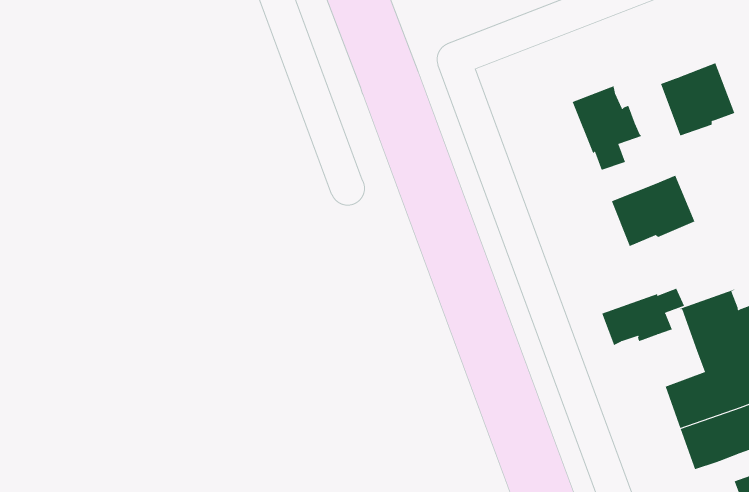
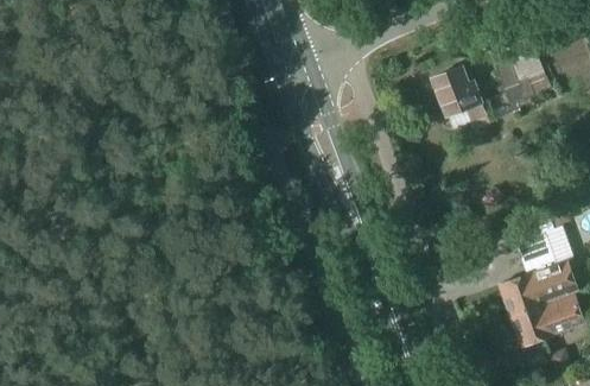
building: [611,175,695,247] -> none
building: [602,288,685,346] -> none

